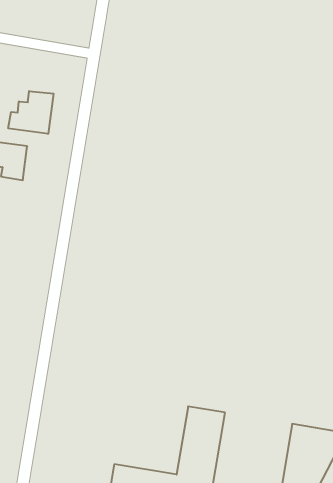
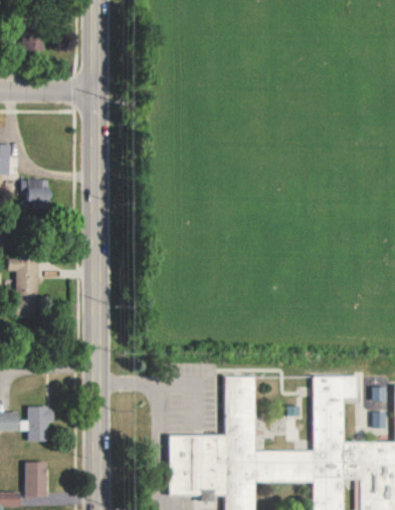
building: [8,91,54,134] -> none

